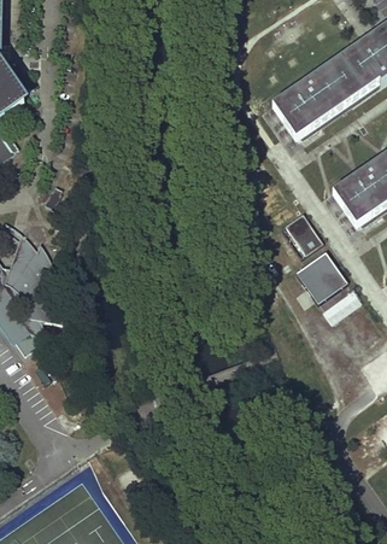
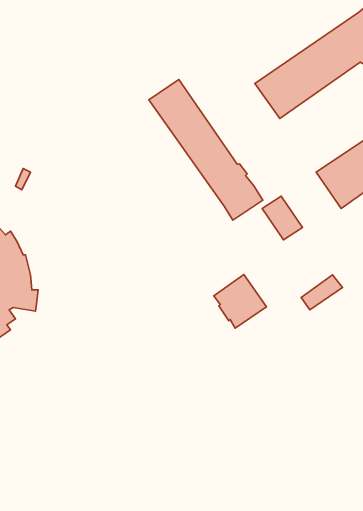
building: none -> [149,80,263,220]
building: [295,246,346,298] -> [214,274,266,328]

